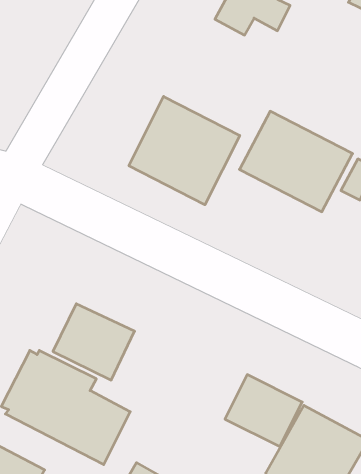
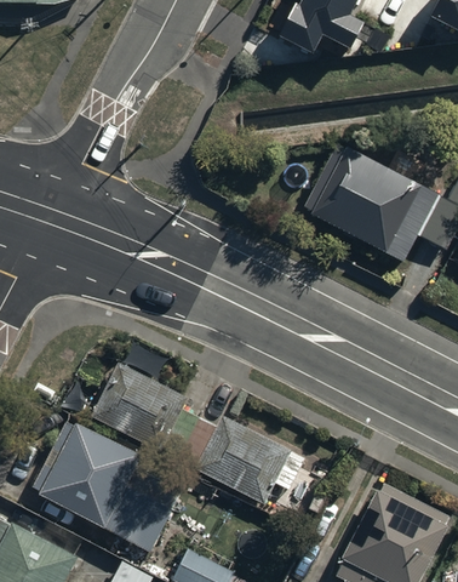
building: [129,96,240,205] -> none
building: [225,375,302,447] -> [199,420,287,502]

